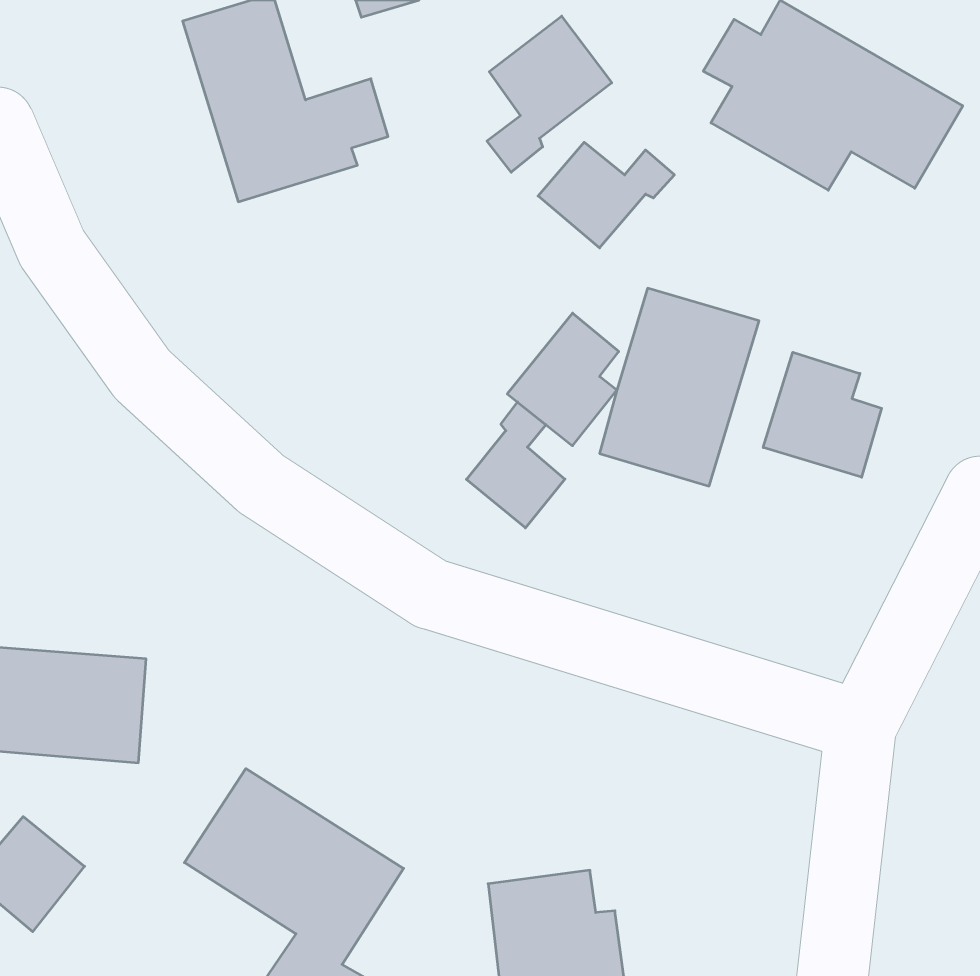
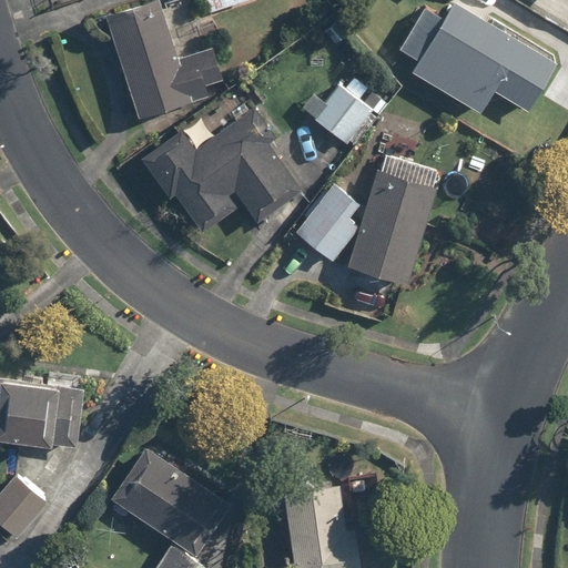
building: [487,16,612,172] -> none
building: none -> [139,87,303,234]
building: [763,352,882,477] -> none
building: [466,402,565,528] -> none

